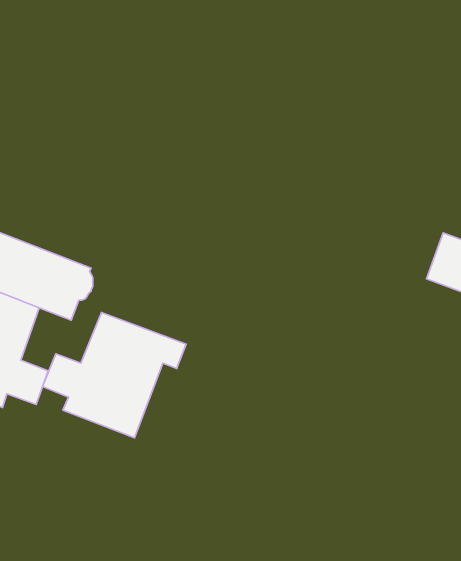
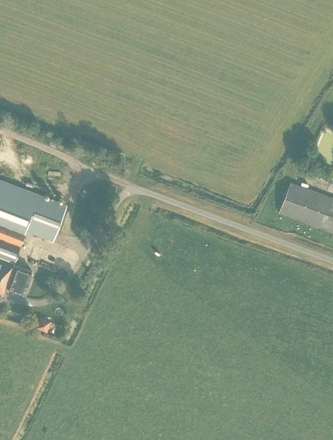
building: [43,313,186,438] -> none

